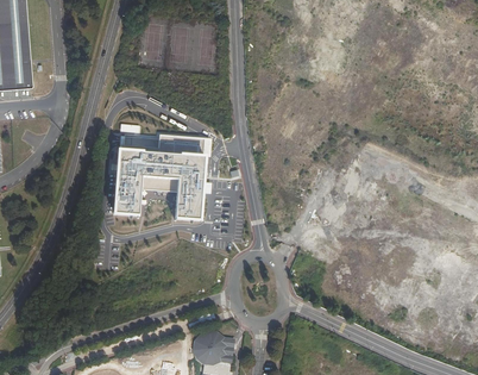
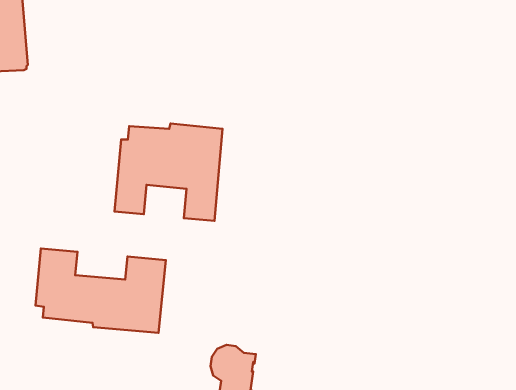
building: none -> [35,249,166,333]

